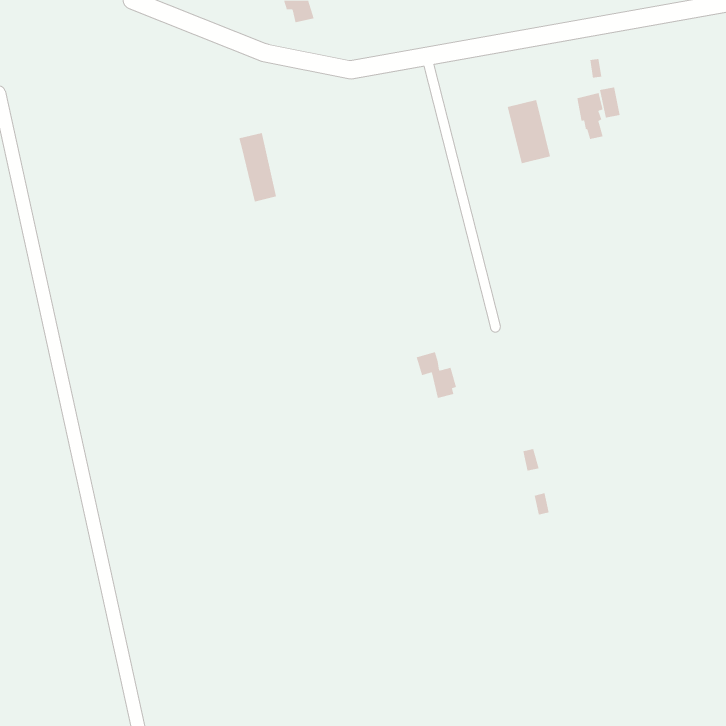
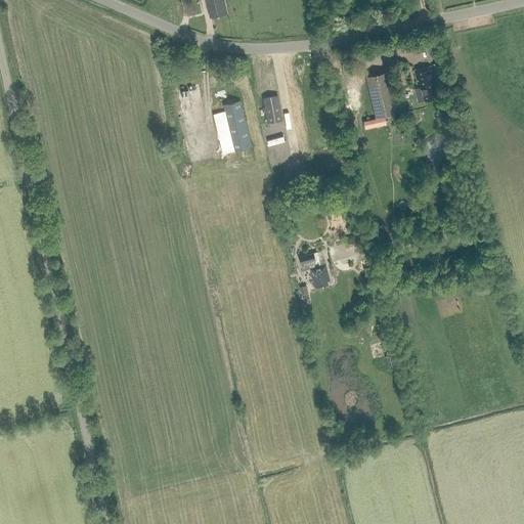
building: none -> [261,96,281,125]
building: [238,132,277,202] -> [222,101,250,151]

